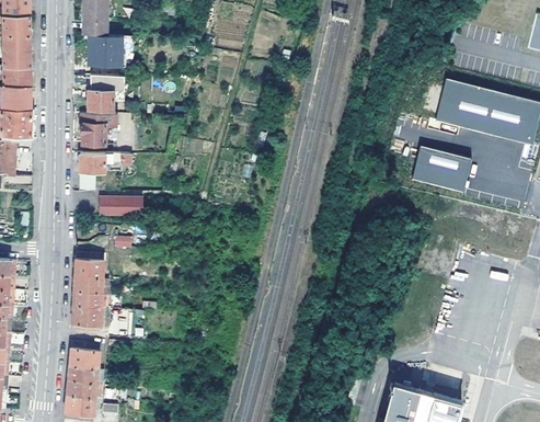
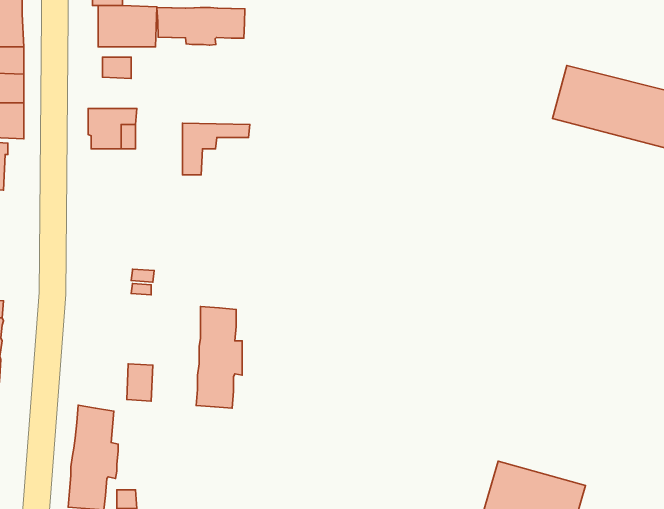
building: none -> [157,7,245,45]
building: [88,89,113,112] -> none
building: [412,148,470,193] -> none
building: [79,152,130,192] -> [183,123,250,175]
building: [101,198,142,216] -> none
building: [72,252,107,330] -> [196,306,242,408]

